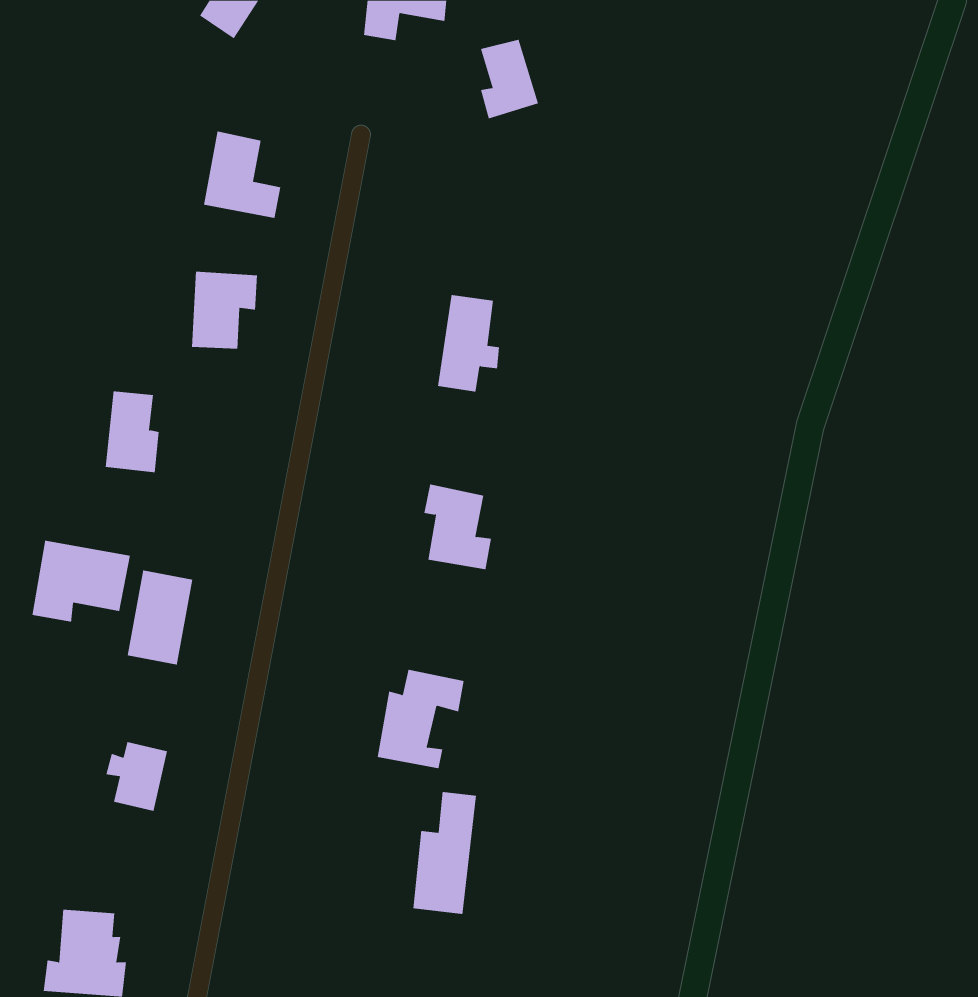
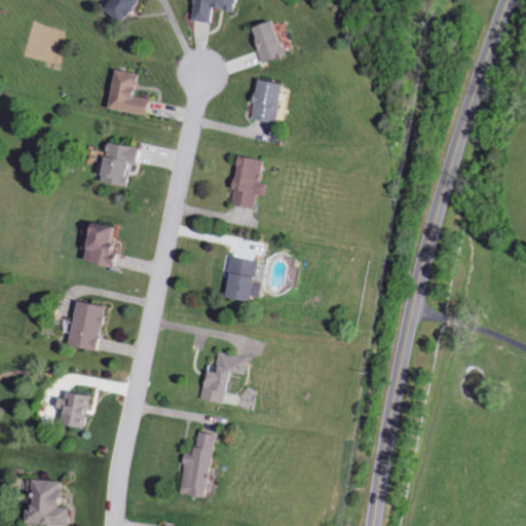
building: none -> [249,76,284,123]
building: [105,391,160,473] -> [87,222,116,265]
building: [32,540,130,622] -> none
building: [413,791,477,914] -> [179,431,213,496]

